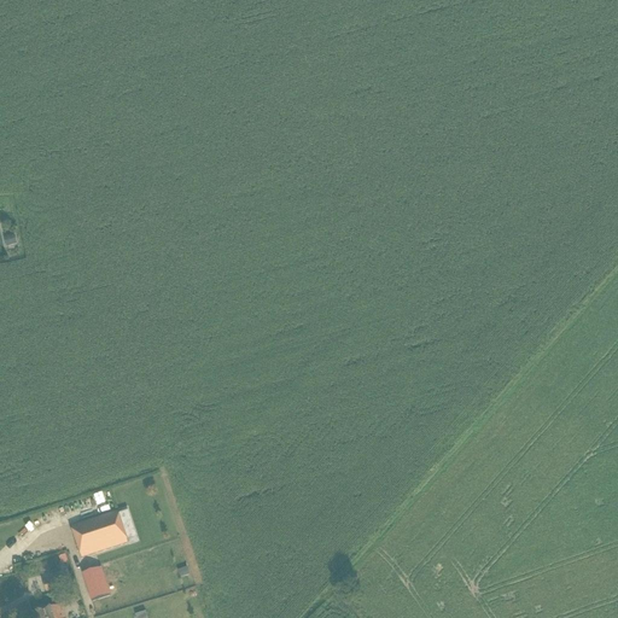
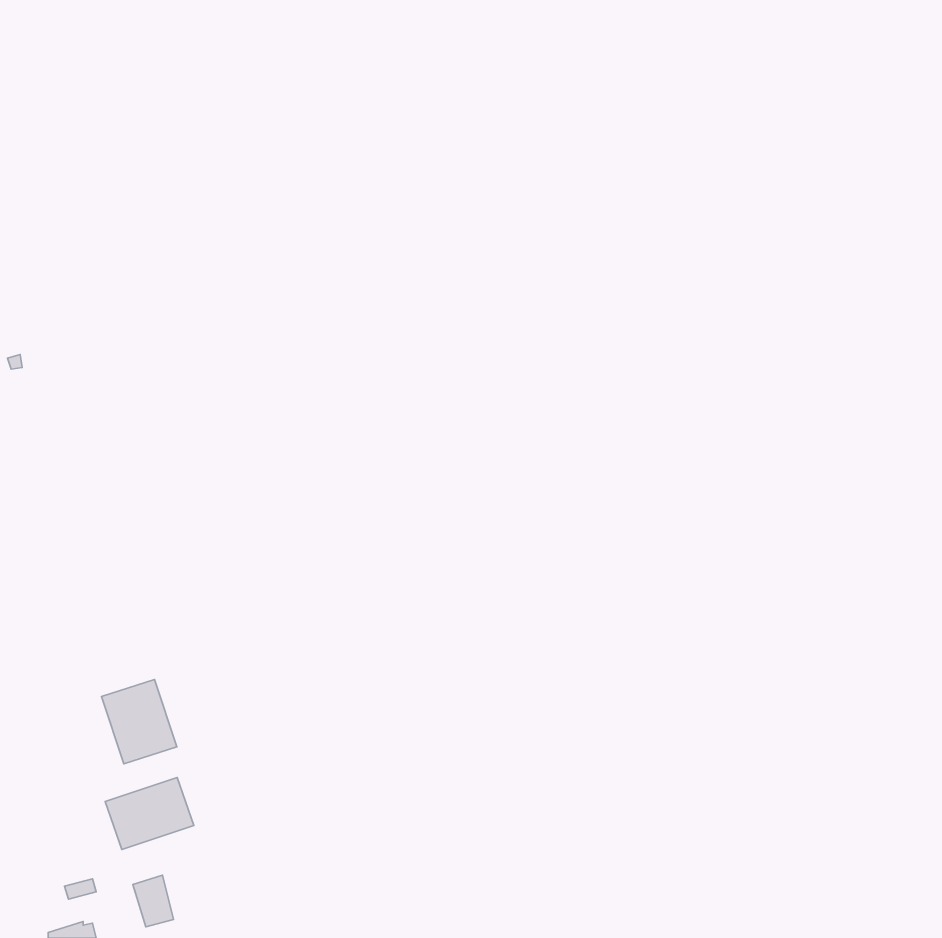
building: none -> [101,680,177,764]

